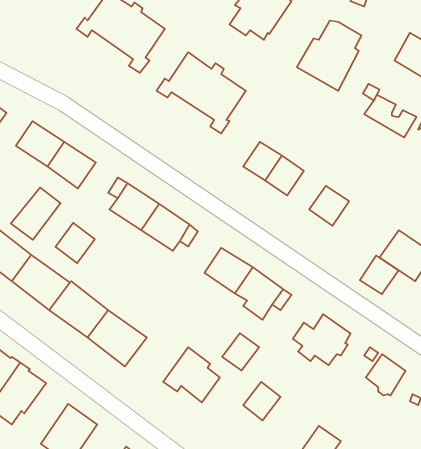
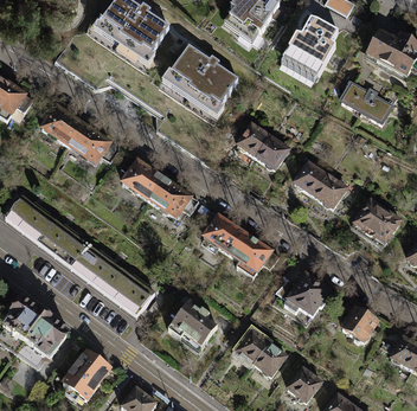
building: [11,187,60,240] -> none
building: [56,223,95,263] -> none
building: [360,255,398,294] -> [314,176,347,210]
building: [222,333,259,371] -> [254,345,286,377]

